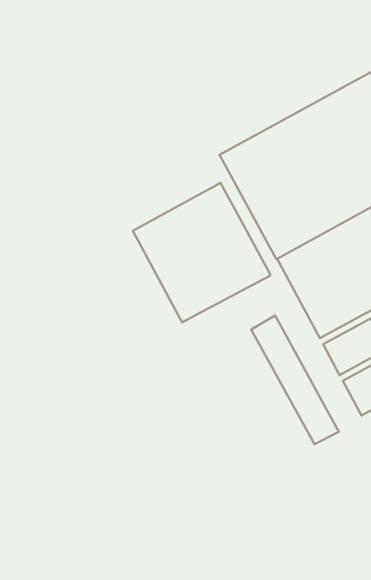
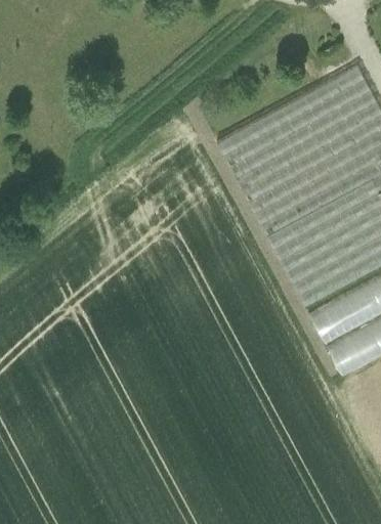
building: [133,183,271,323] -> none
building: [251,316,339,444] -> none

